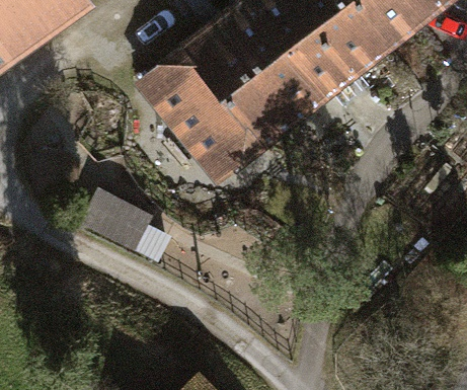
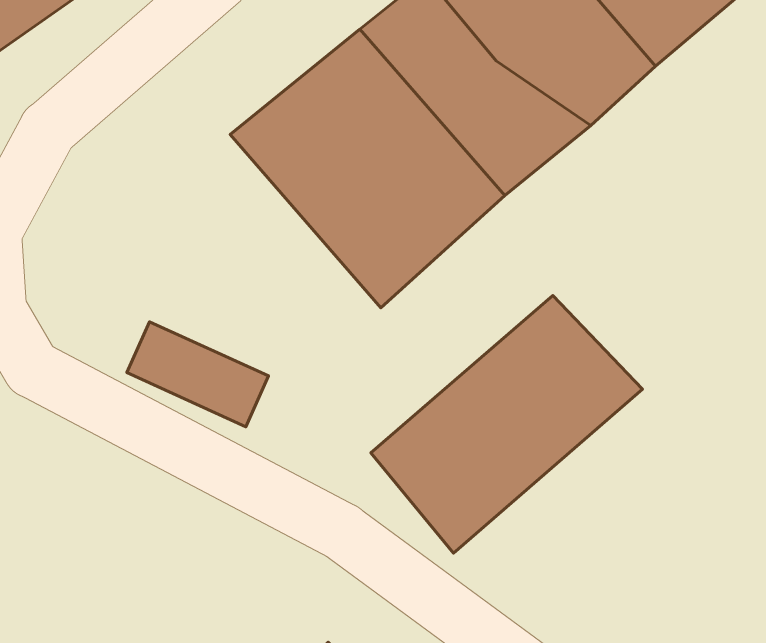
building: none -> [371,295,642,553]

